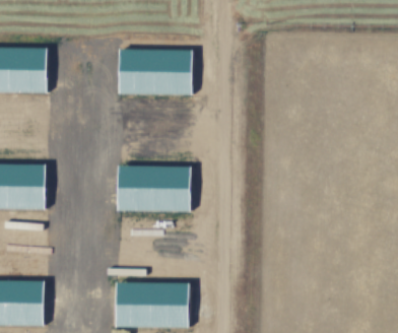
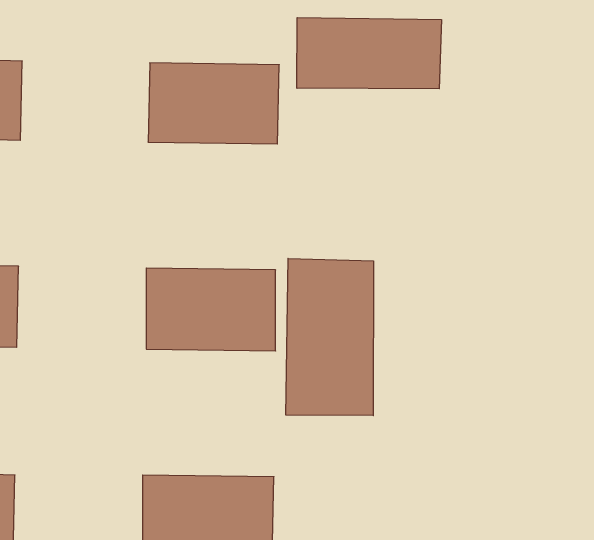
building: none -> [297,18,441,89]
building: none -> [286,258,373,416]

